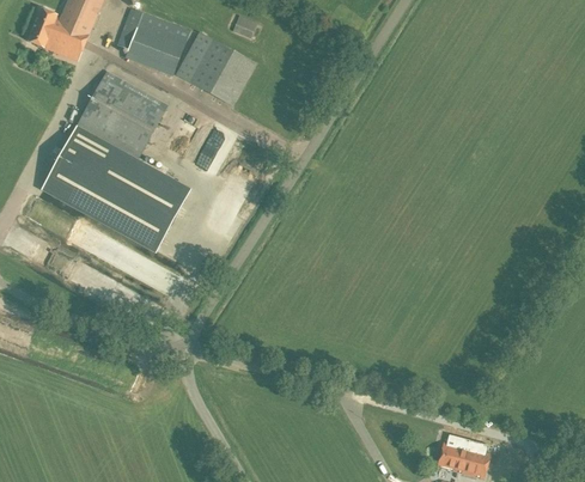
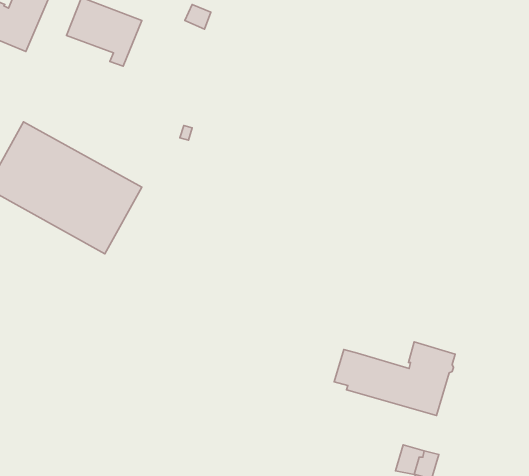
building: [176,31,254,104] -> none
building: [77,71,166,158] -> none
building: none -> [334,342,455,415]

